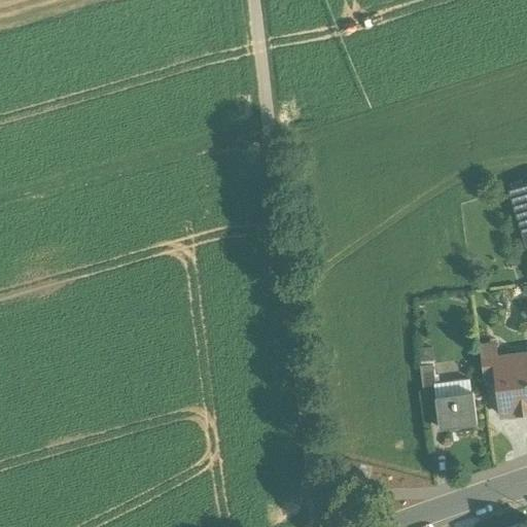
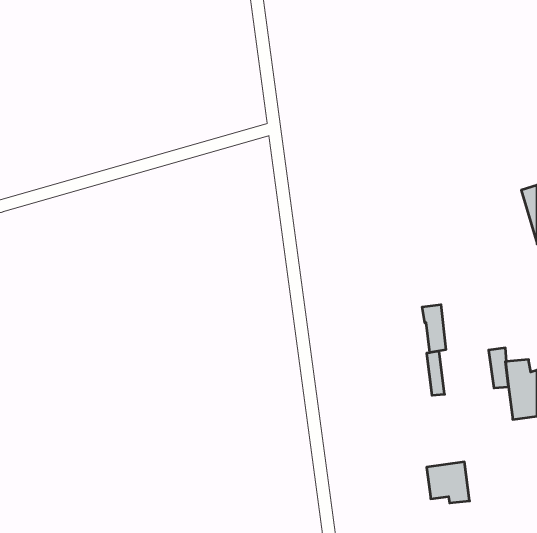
building: none -> [422,305,446,353]
building: [435,388,478,428] -> [427,462,470,503]

